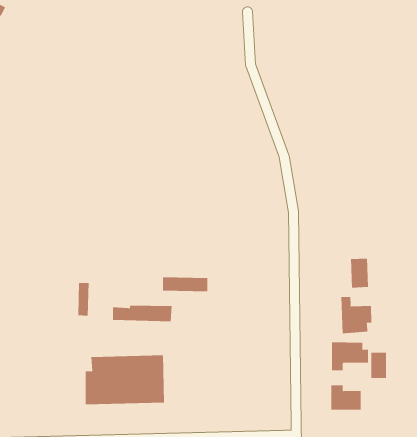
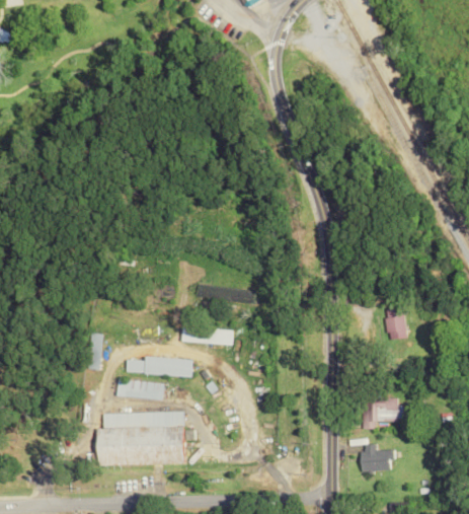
building: [341,296,372,334] -> none
building: none -> [118,378,165,400]
building: [371,352,387,379] -> none

